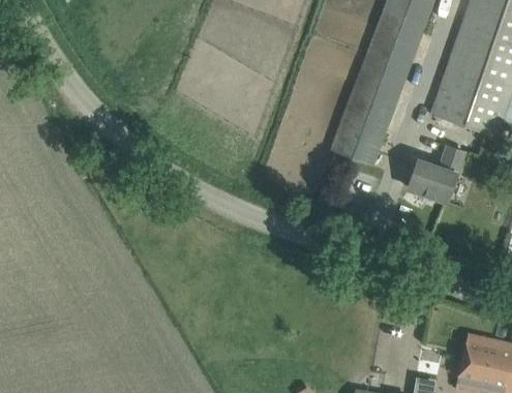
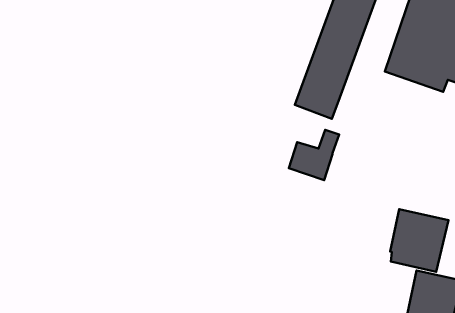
building: [409,145,464,201] -> [289,130,339,180]
building: none -> [390,209,449,272]

